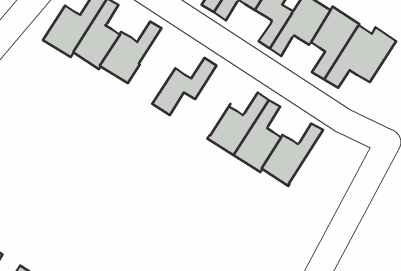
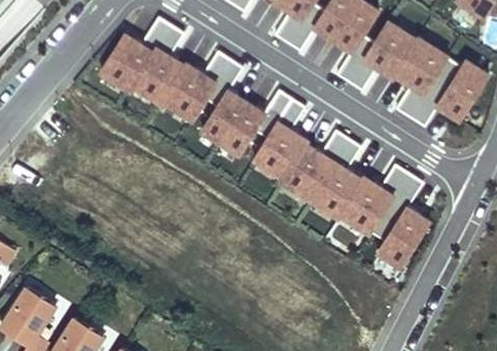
building: none -> [201,60,245,143]
building: none -> [253,101,306,178]
building: none -> [369,172,429,267]

